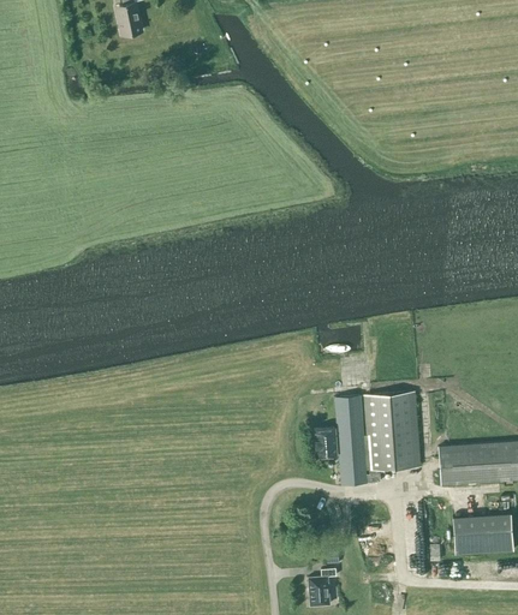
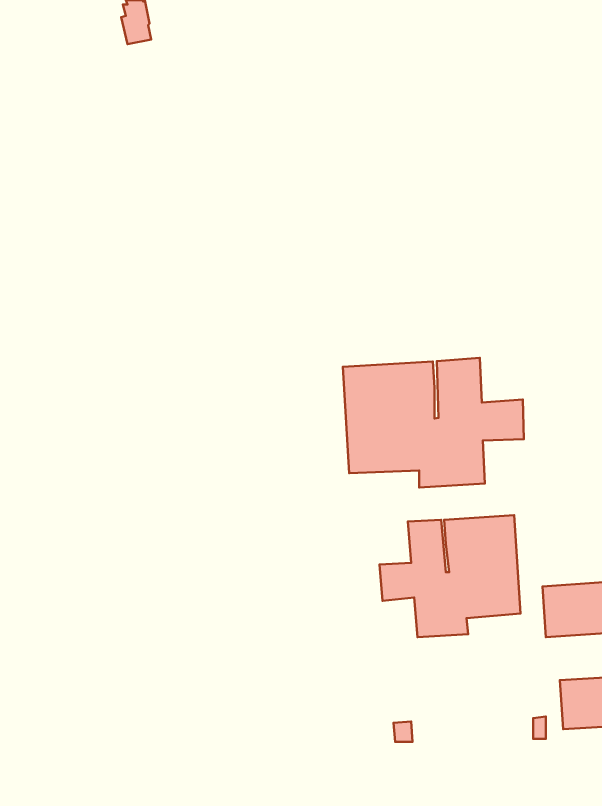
building: none -> [343,358,524,488]
building: [308,568,337,607] -> none

